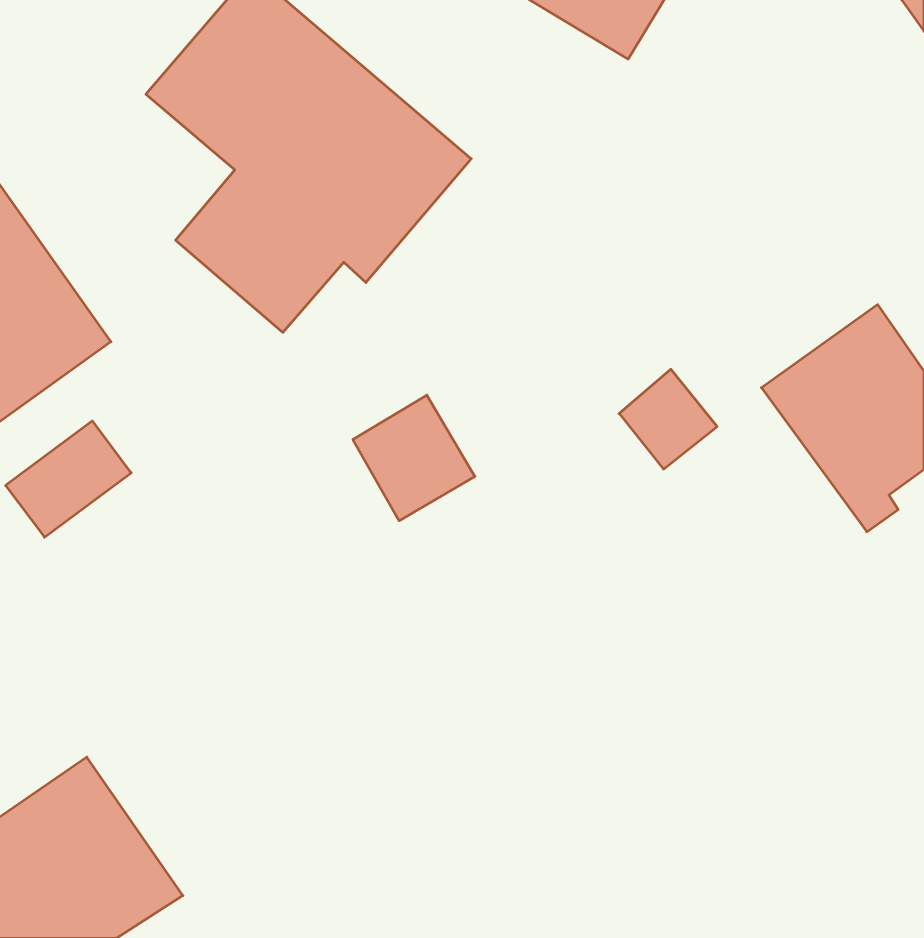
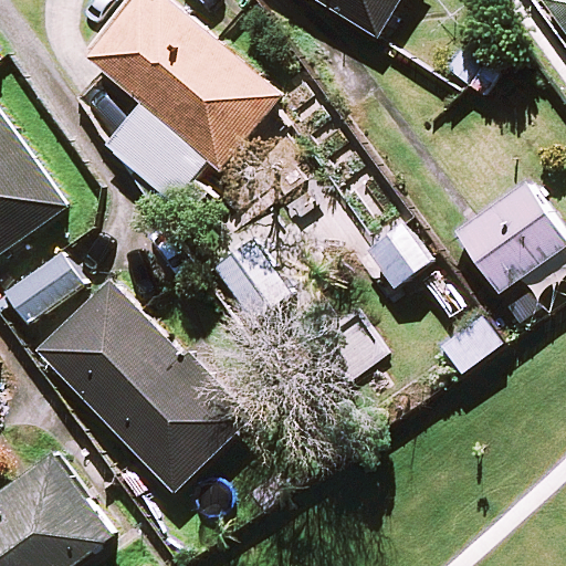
building: none -> [36,280,249,491]

